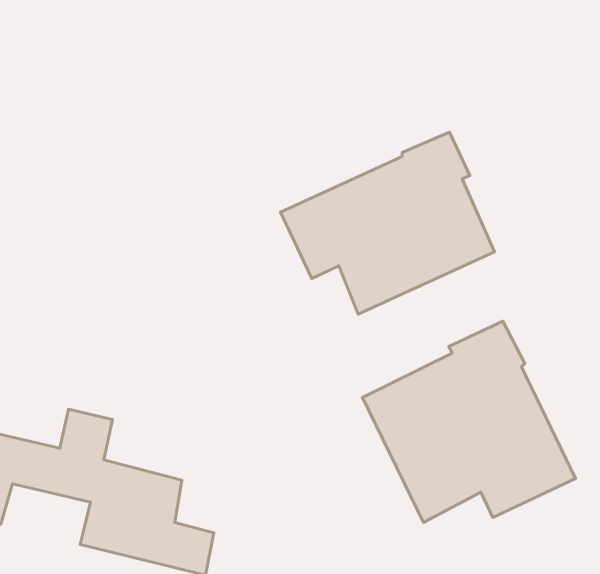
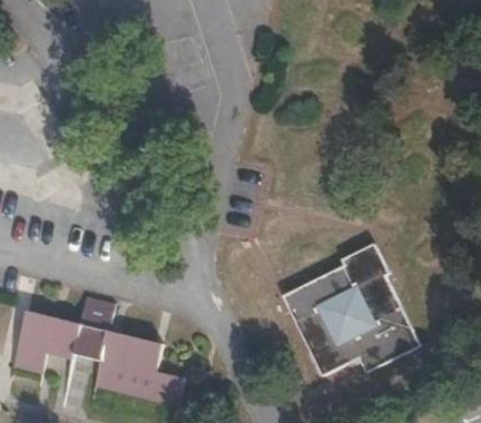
building: [281,132,495,314] -> none

